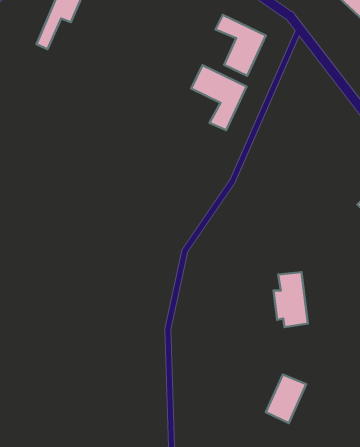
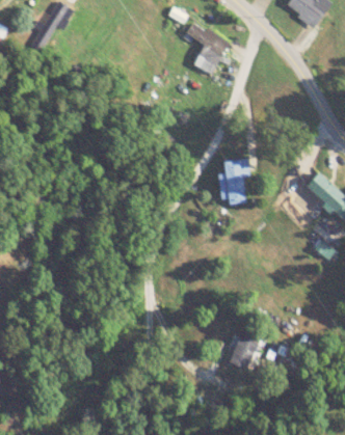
building: [191,65,246,130] -> none
building: [273,272,308,327] -> [219,159,248,206]

